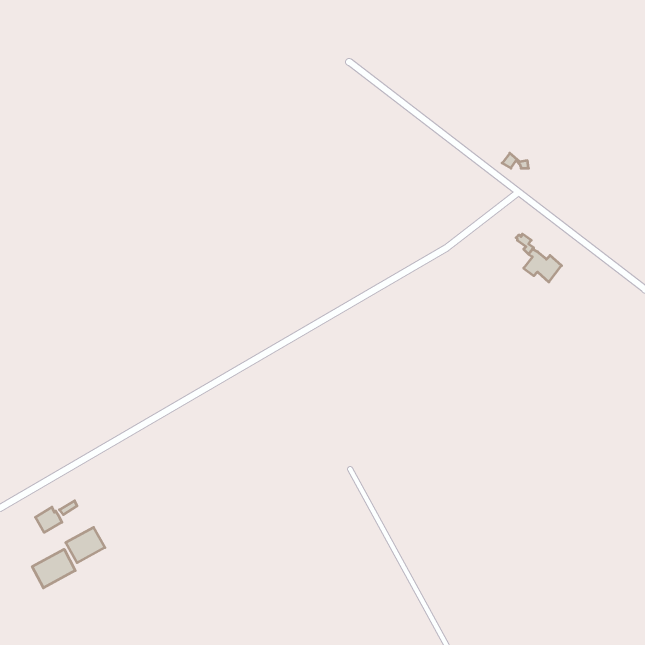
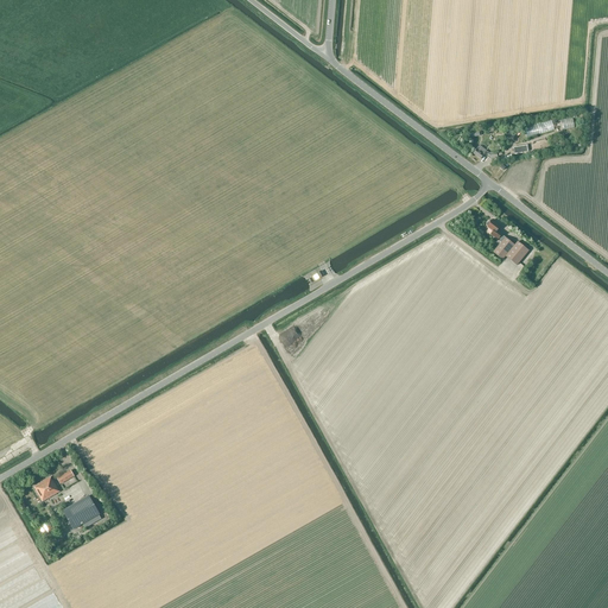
building: [32,549,75,588] -> none

